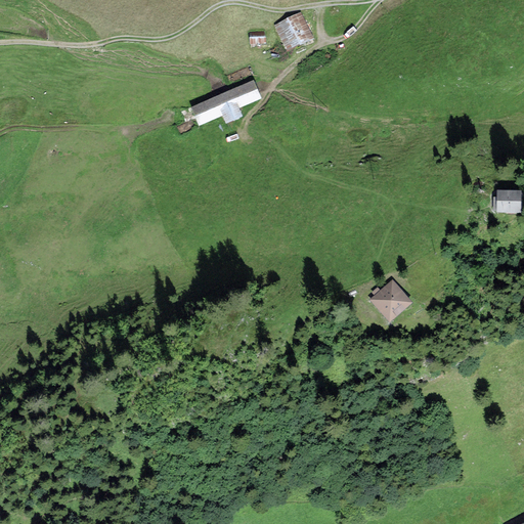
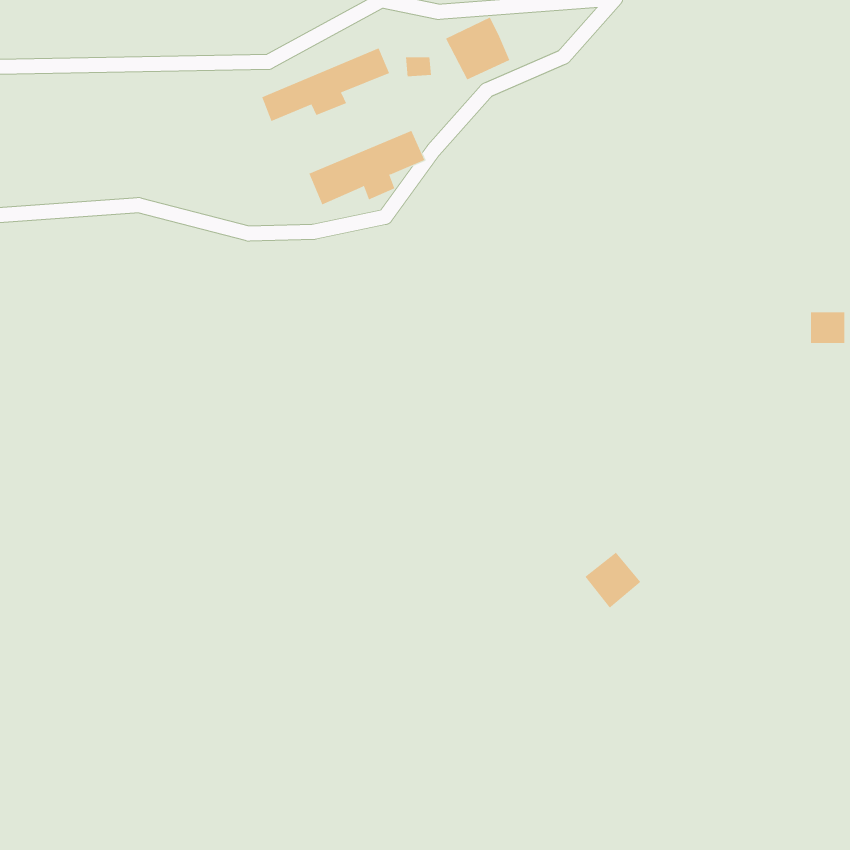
building: none -> [261,47,390,122]
building: [373,282,407,317] -> [585,552,641,609]

